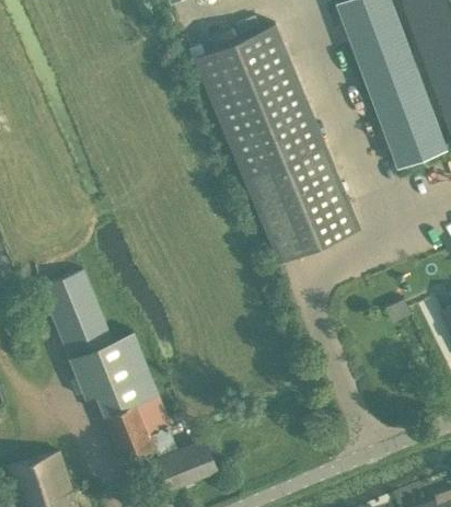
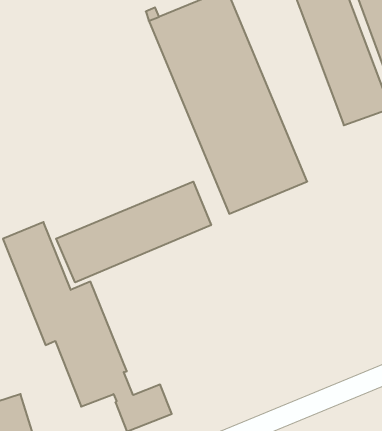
building: none -> [56,182,211,282]

